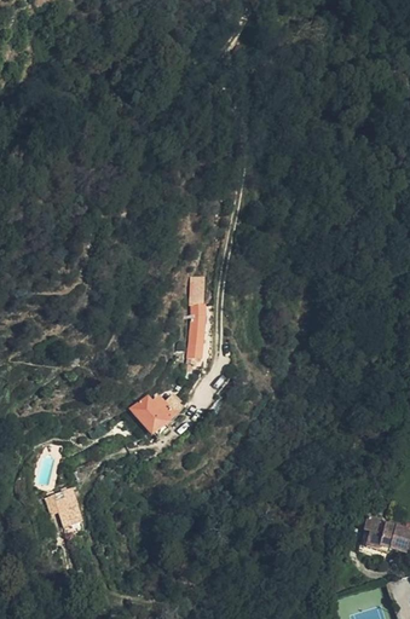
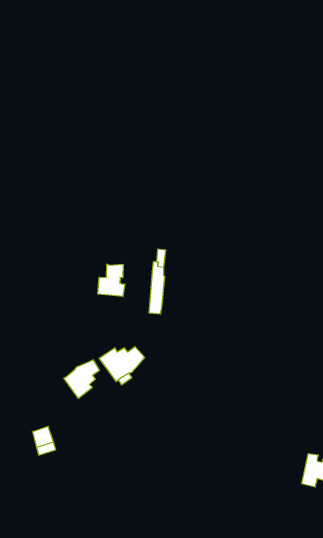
building: none -> [98,264,125,297]
building: none -> [64,360,99,398]

